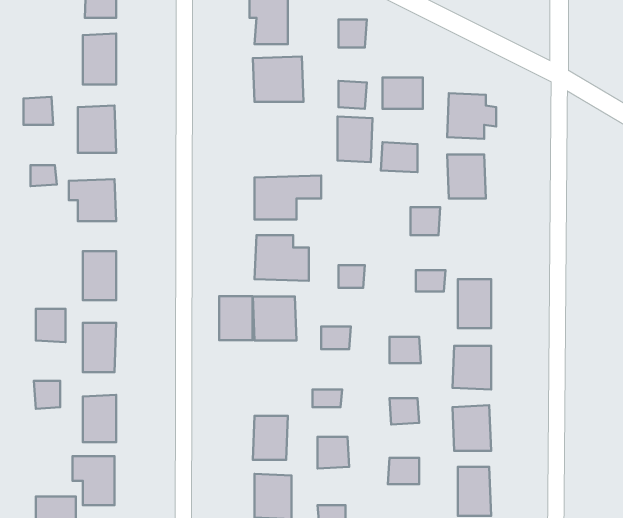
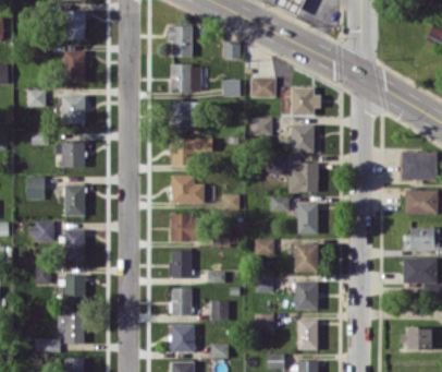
building: [337,117,373,162] -> [171,101,193,130]
building: none -> [288,164,318,193]
building: none -> [26,177,45,200]
building: [219,296,252,340] -> [170,251,191,278]

